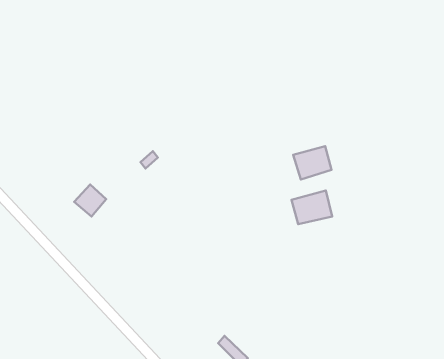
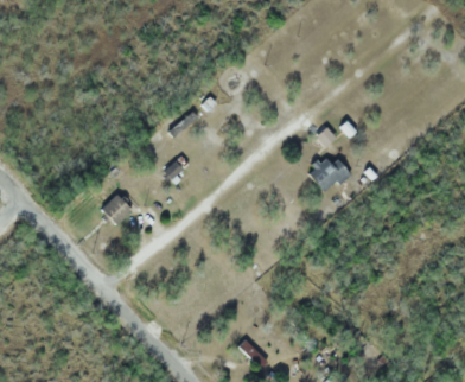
building: [291,191,332,224] -> none

